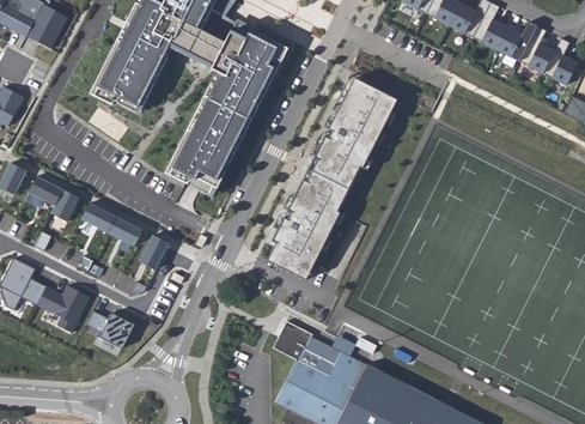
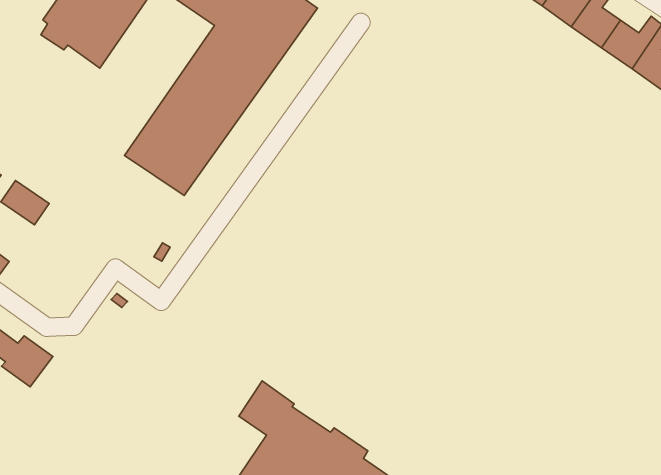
building: [263,77,398,280] -> none
building: [108,214,142,244] -> none
building: [139,234,169,268] -> none

